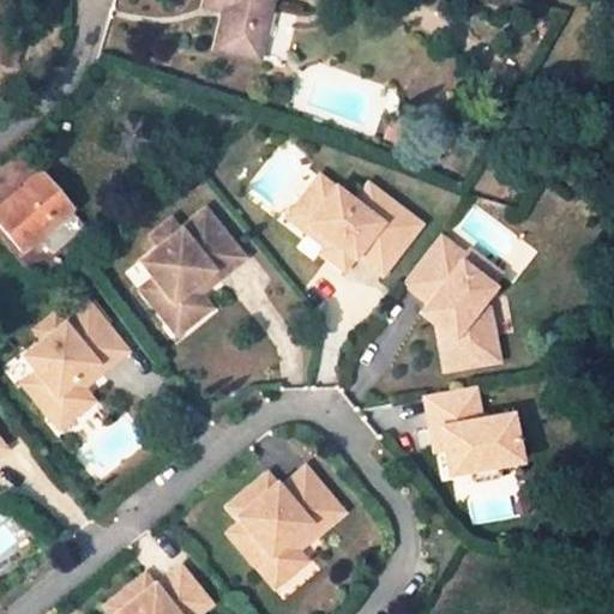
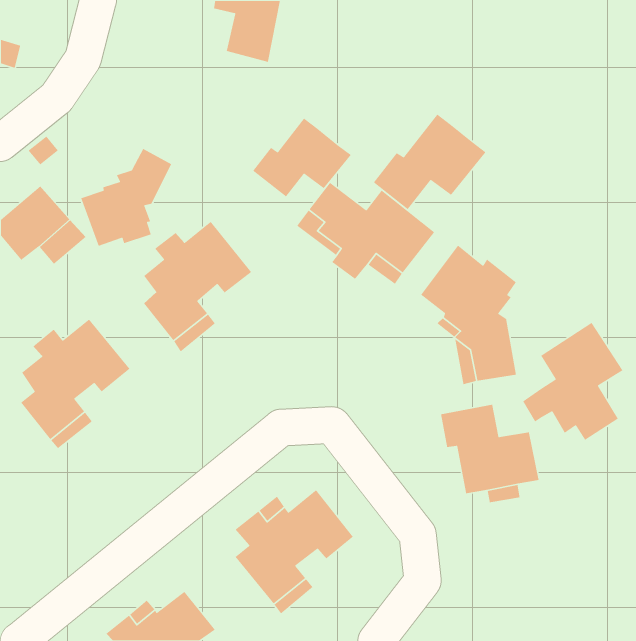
building: none -> [373,114,487,210]
building: none -> [252,118,352,198]
building: none -> [80,148,172,247]
building: none -> [522,322,624,441]

